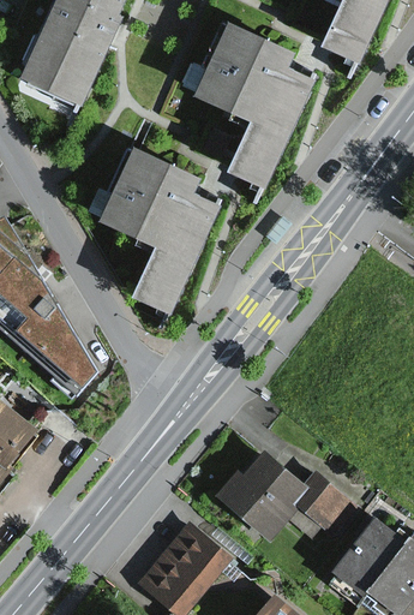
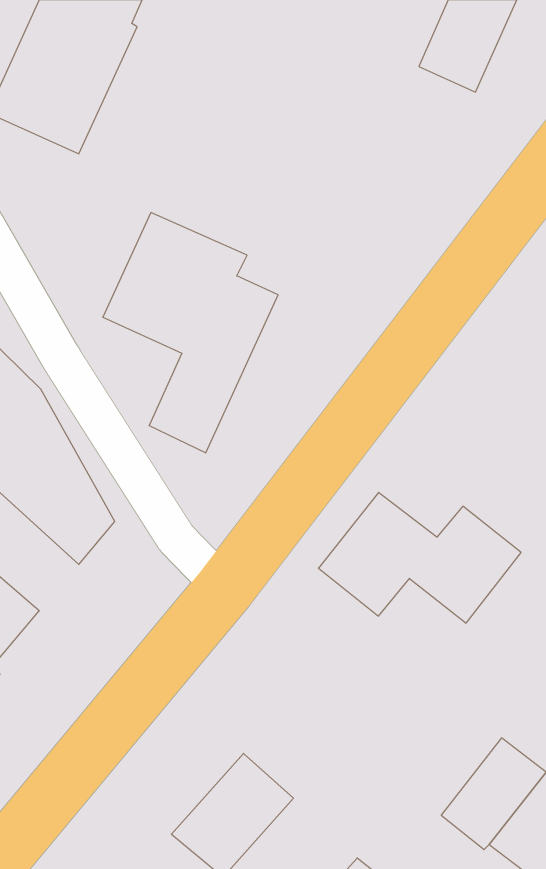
building: [188,23,311,191] -> none
building: [218,454,360,545] -> [318,492,521,623]

